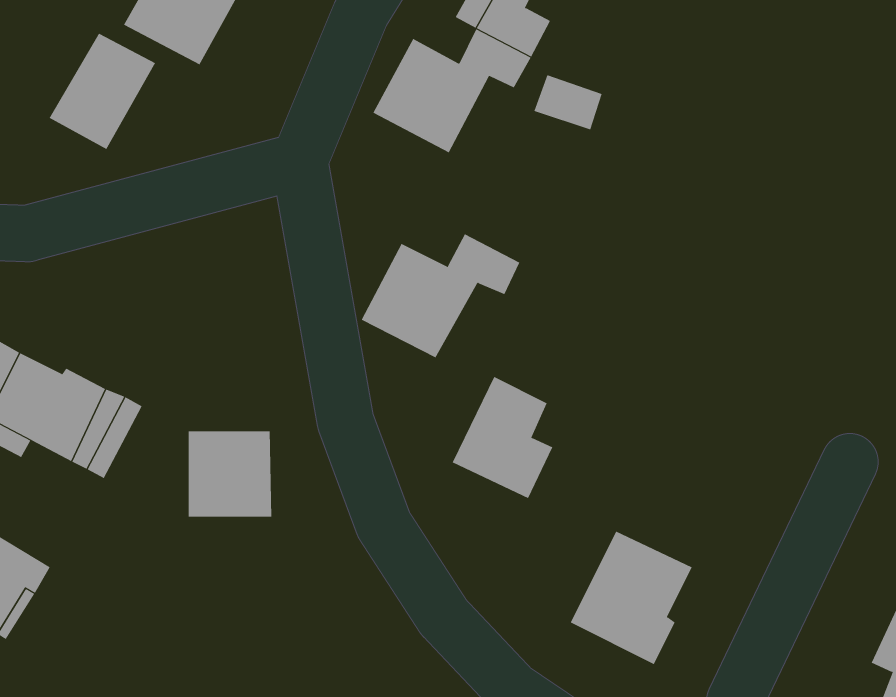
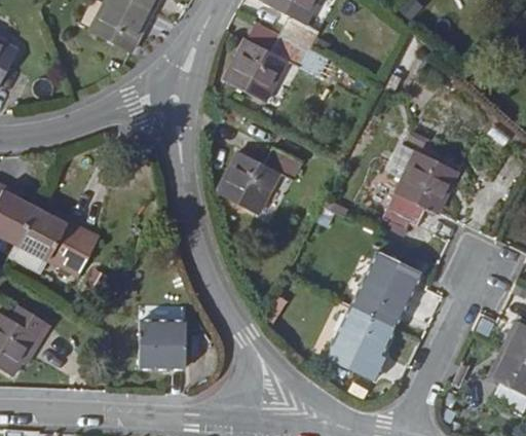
building: [49,33,156,150] -> none
building: none -> [387,149,456,222]
building: [452,376,553,499] -> [352,257,407,323]
building: [188,431,272,517] -> [140,319,185,365]

